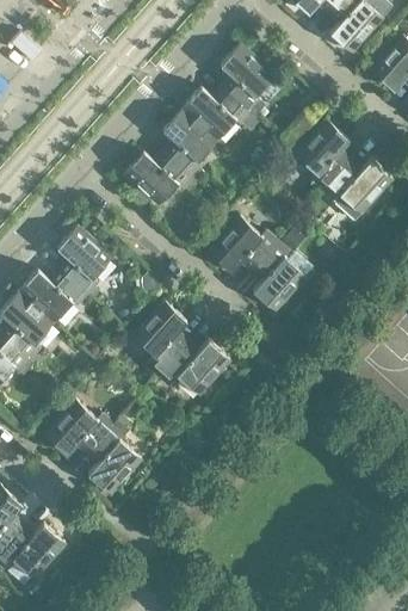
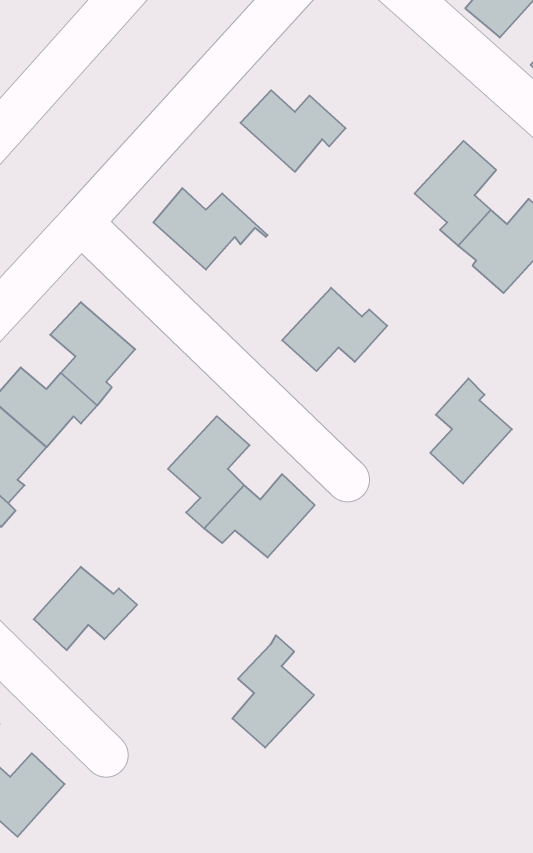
building: [222,44,277,117] -> none
building: [163,109,218,183] -> none
building: [254,242,308,311] -> [430,378,512,484]
building: [89,420,143,494] -> [232,635,314,748]

